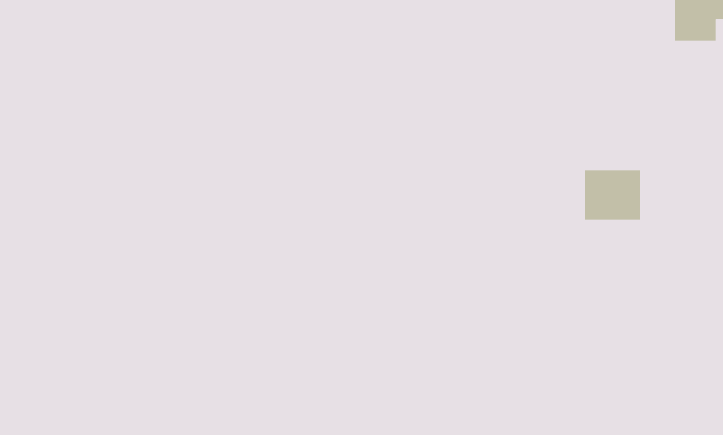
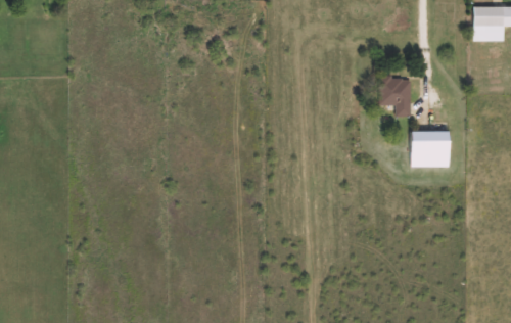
building: none -> [380,77,411,117]

